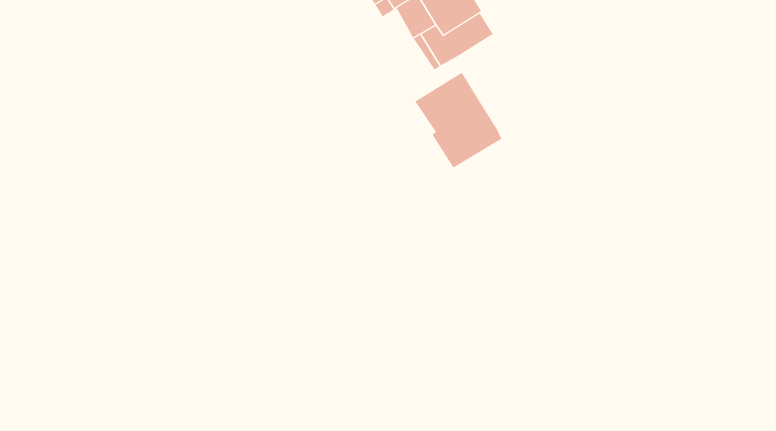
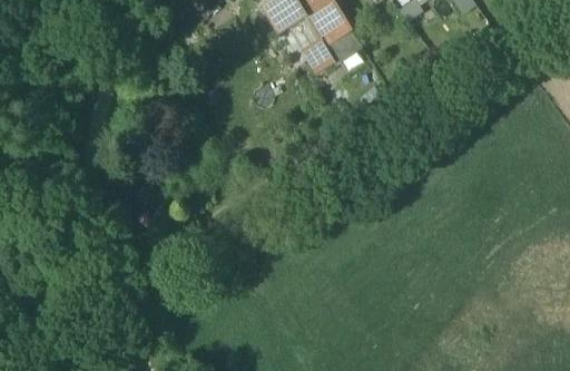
building: [414,72,502,168] -> none

